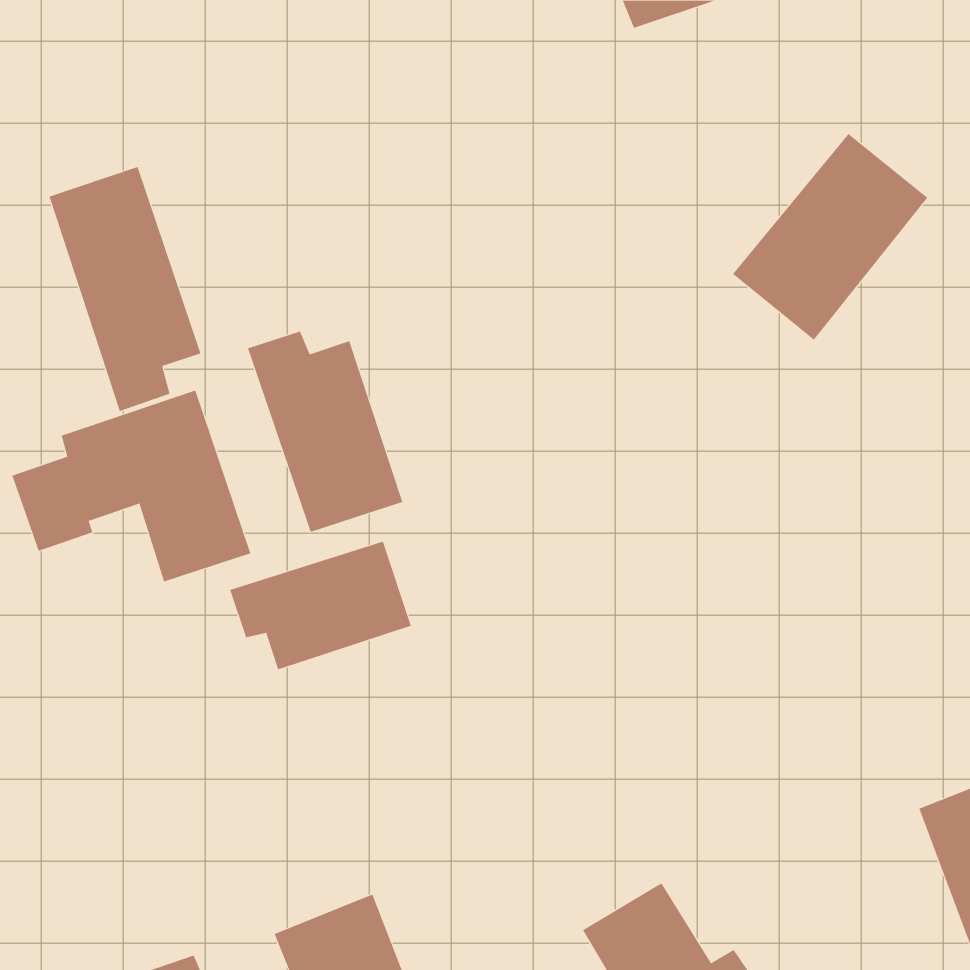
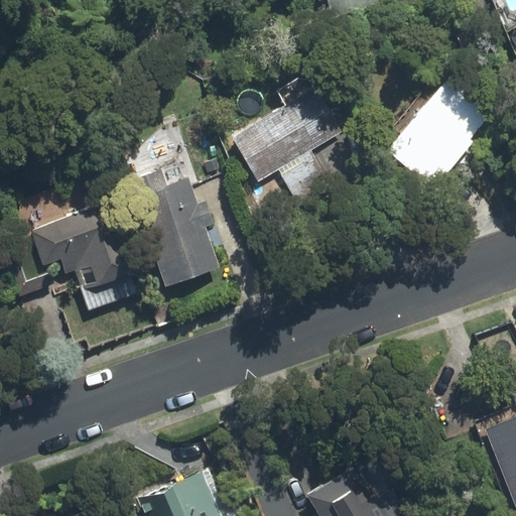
building: [49,166,201,412] -> none
building: none -> [237,96,339,179]
building: [230,541,412,670] -> none

